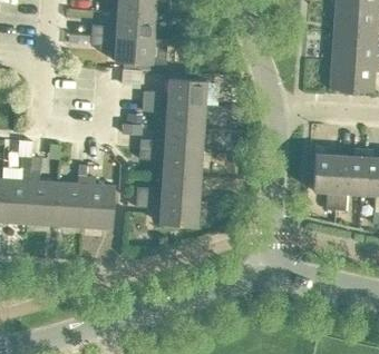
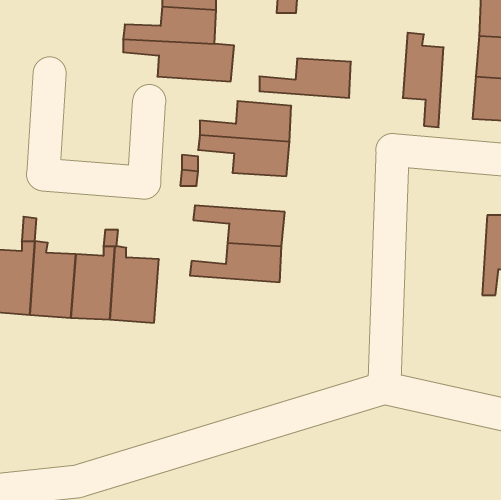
building: [140,127,203,154] -> [259,59,351,98]
building: [312,146,340,210] -> [403,33,444,127]
building: [136,197,198,226] -> none

